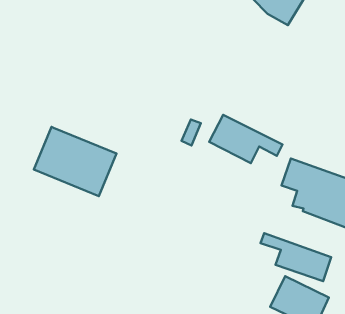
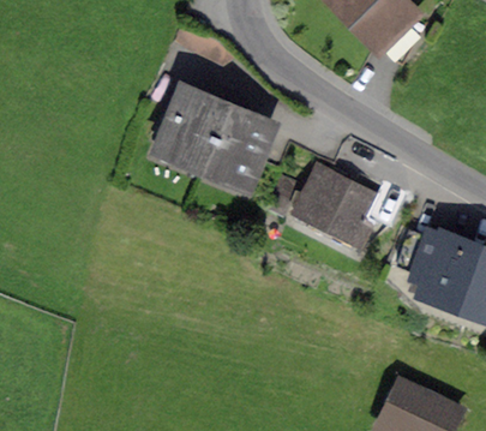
building: [34,127,116,196] -> [161,89,268,179]
building: [261,233,331,281] -> none

